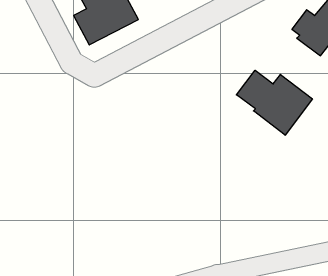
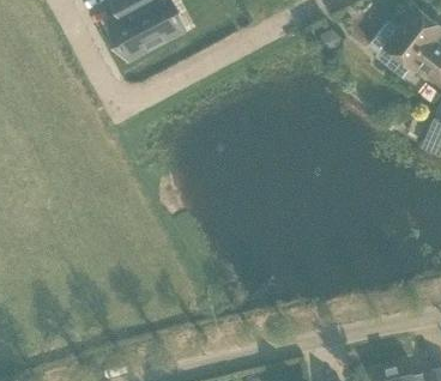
building: [236,70,312,135] -> none

